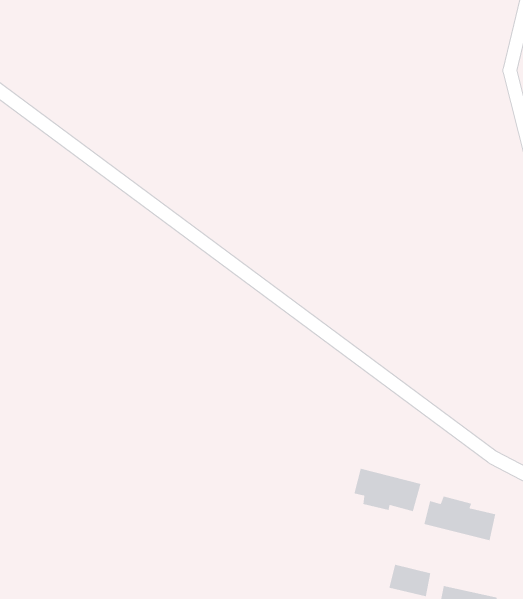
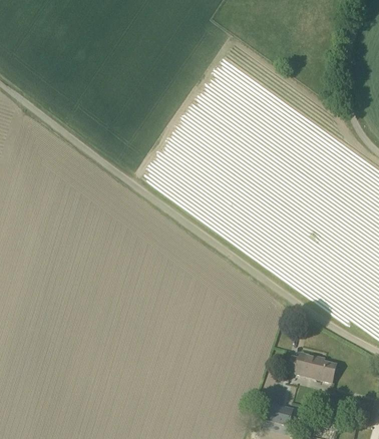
building: [354,468,421,512] -> none

